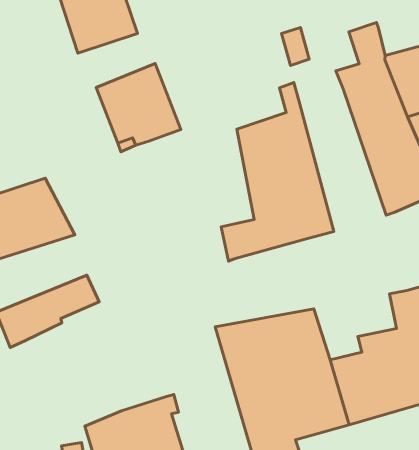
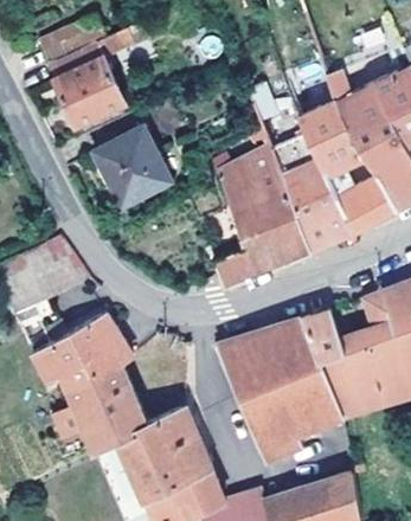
building: none -> [269,131,353,252]
building: none -> [301,310,346,361]
building: none -> [59,335,148,455]

